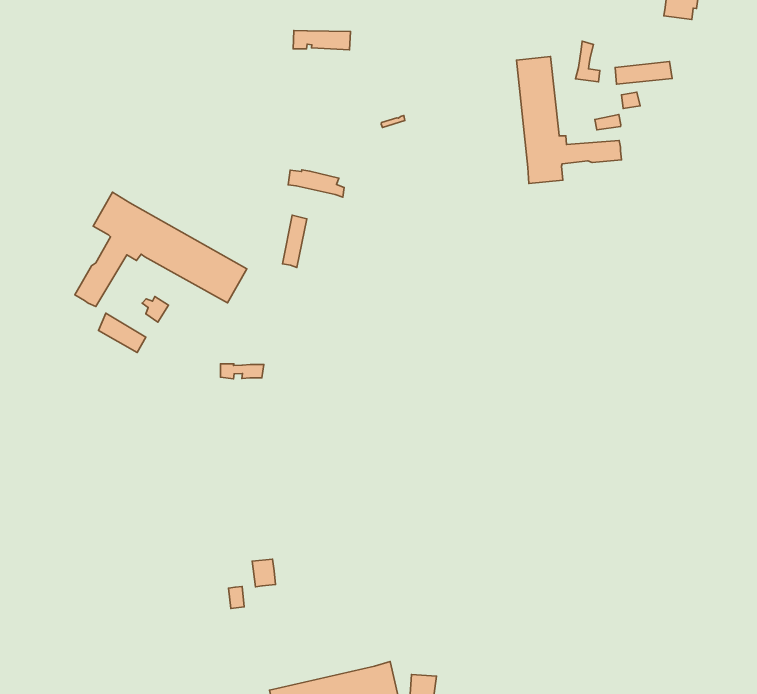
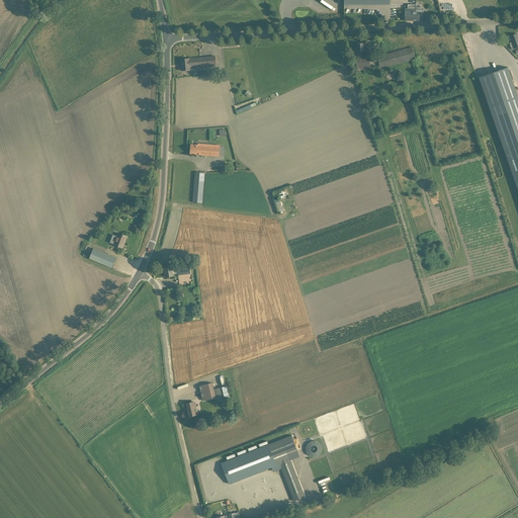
building: [517,57,621,184] -> none
building: [75,192,247,306] -> none

